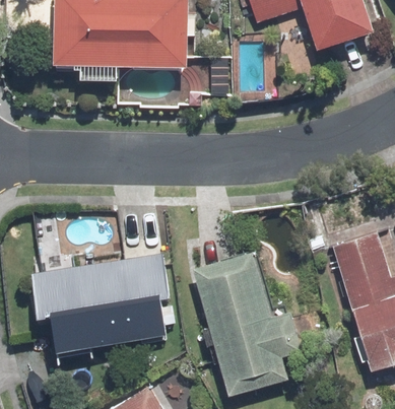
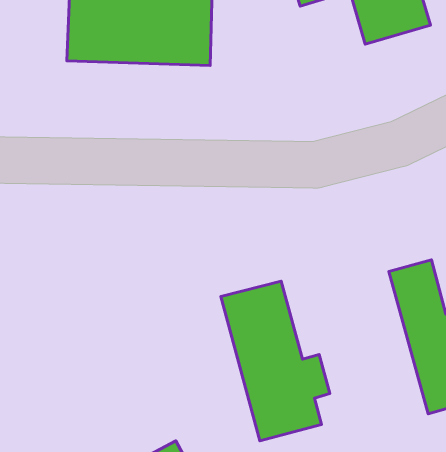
building: [43,259,174,352] -> none

